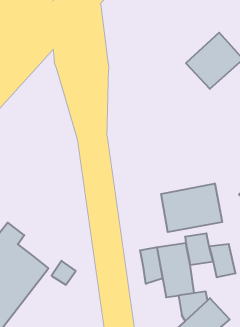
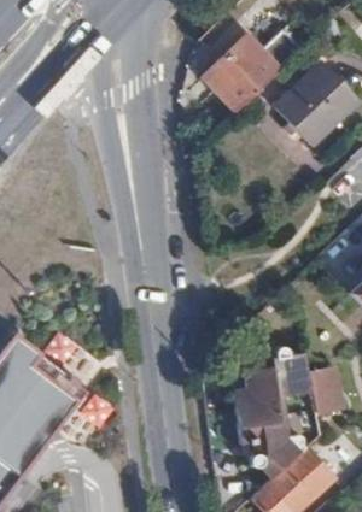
building: none -> [204,37,285,108]
building: [161,183,222,232] -> none
building: [140,247,163,284] -> none

